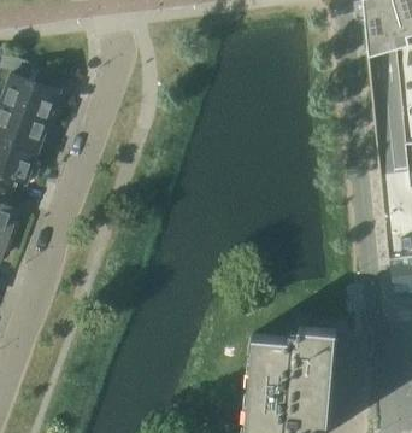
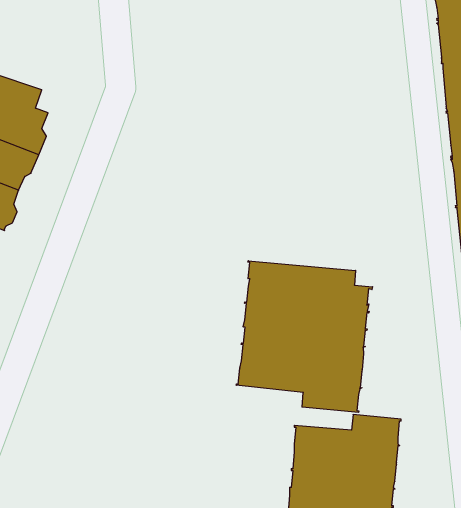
building: none -> [236,261,373,412]

